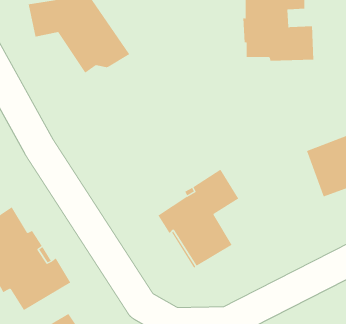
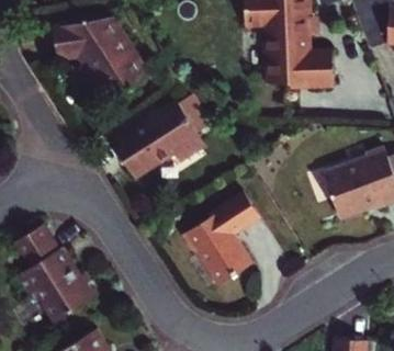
building: none -> [112,92,212,178]

